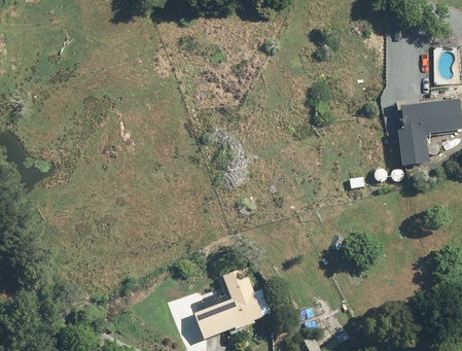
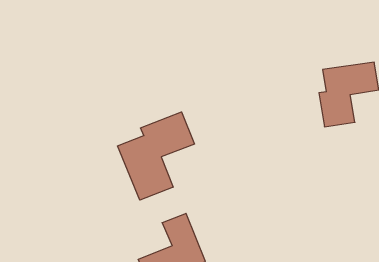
building: none -> [117,112,194,200]

